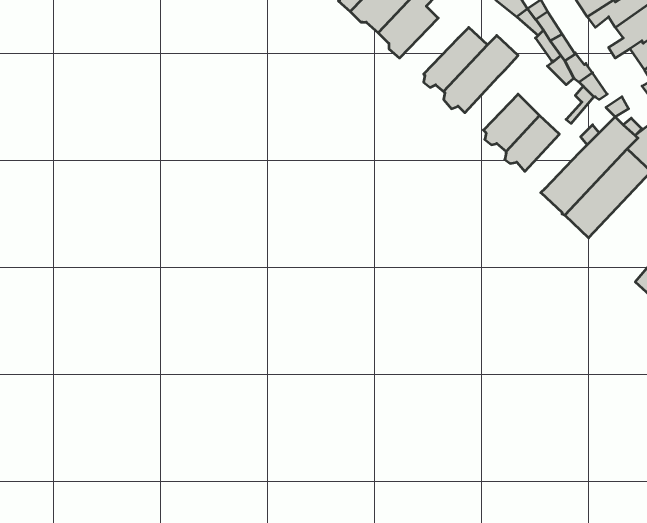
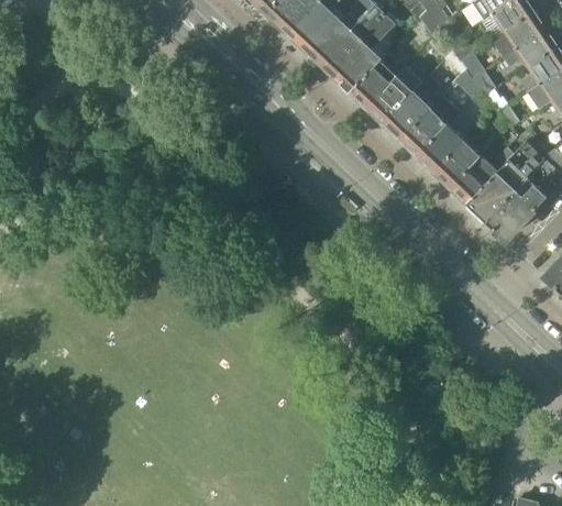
building: none -> [349,53,406,106]
building: none -> [403,108,447,152]
building: none -> [452,155,497,200]

